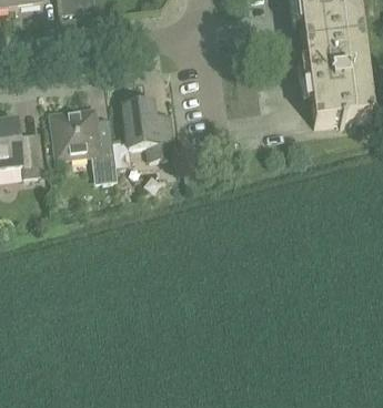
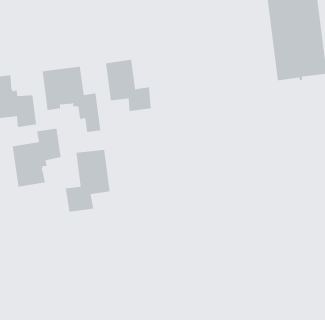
building: none -> [12,128,61,187]
building: none -> [65,149,110,212]

